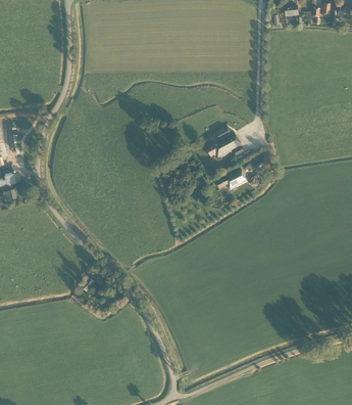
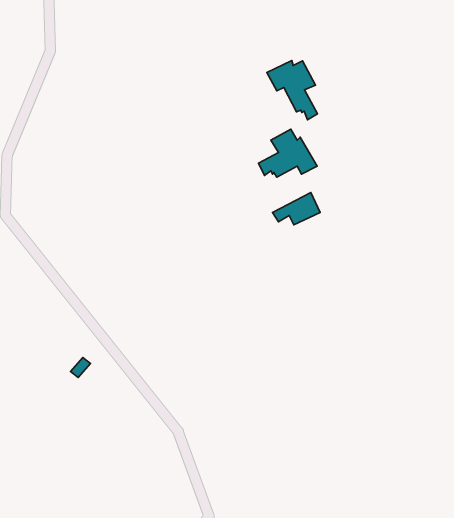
building: none -> [267,61,317,120]

